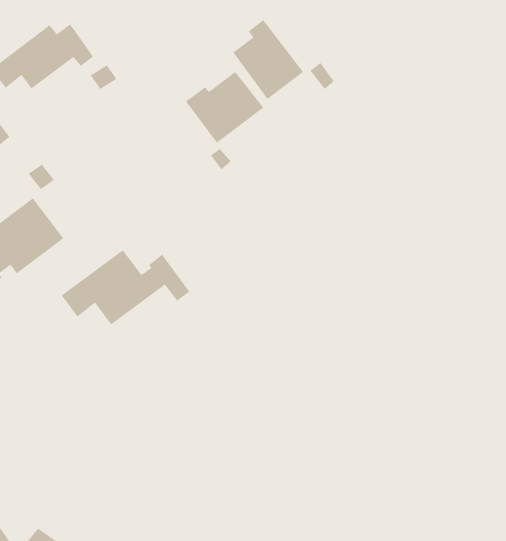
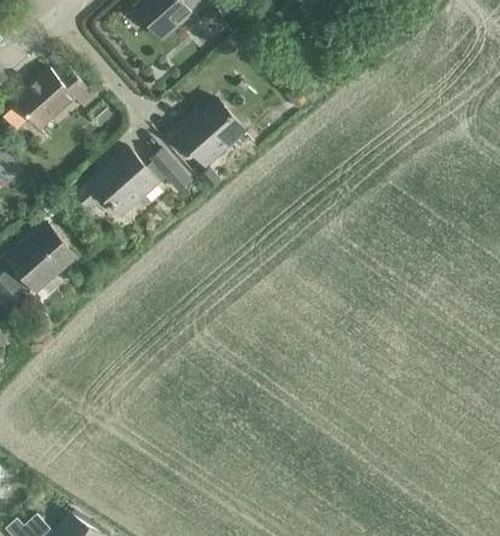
building: [232,19,304,100] -> none
building: [61,250,190,325] -> [74,149,188,217]

